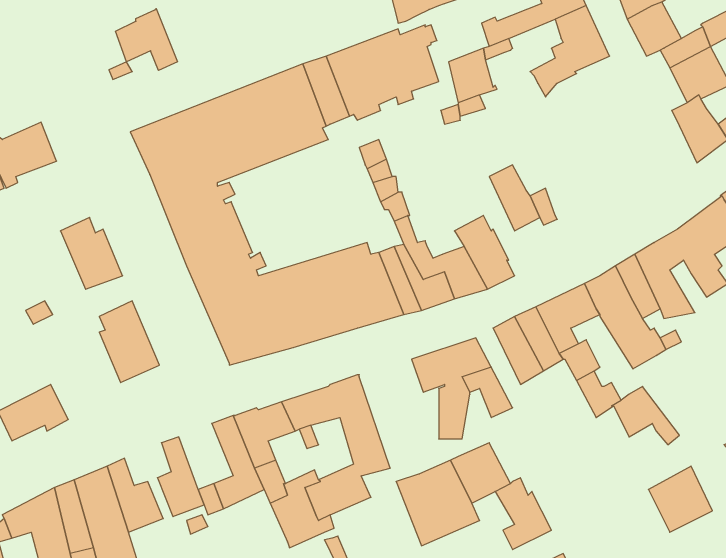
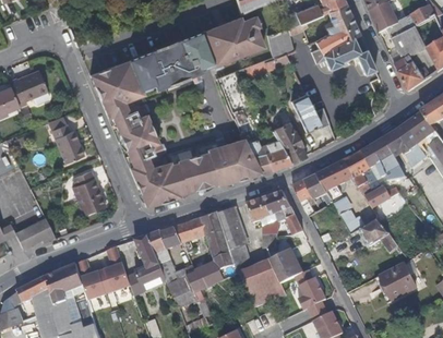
building: [116,9,178,70] -> none
building: none -> [310,33,373,74]
building: none -> [217,207,251,271]

